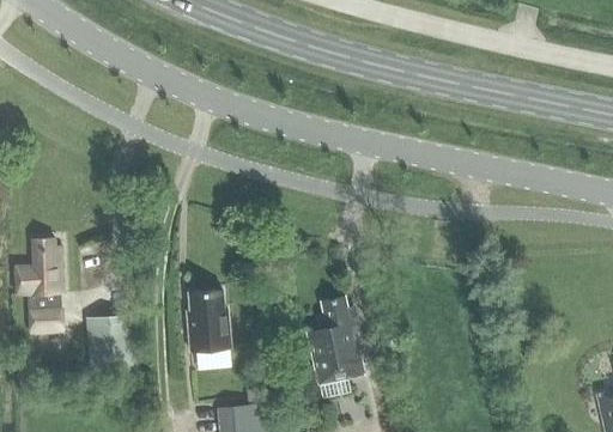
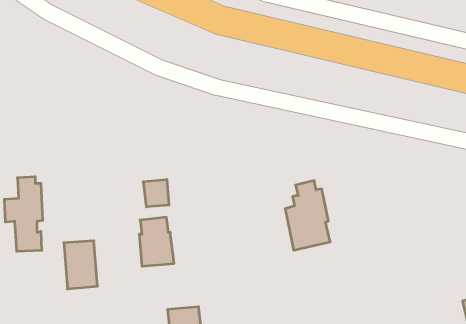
building: none -> [143,179,169,207]
building: [306,296,364,384] -> [285,181,330,250]

